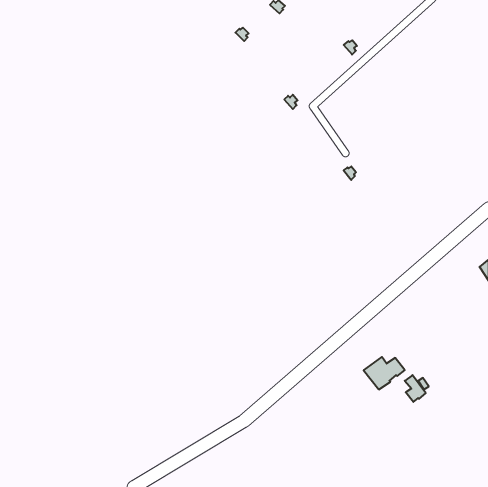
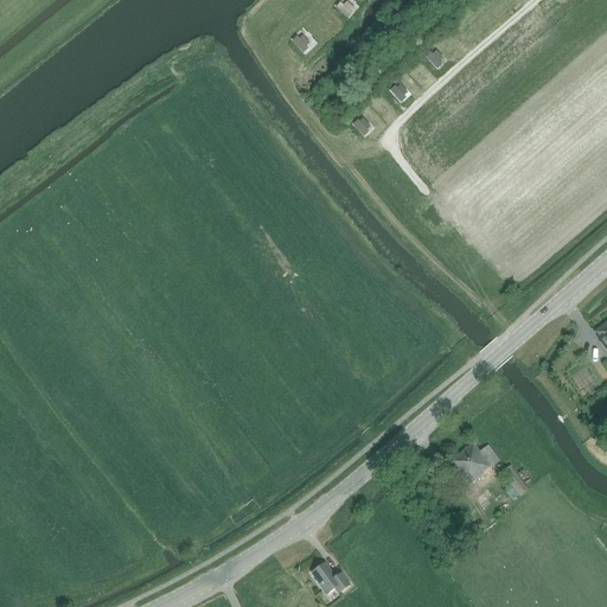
building: none -> [312,561,352,594]

